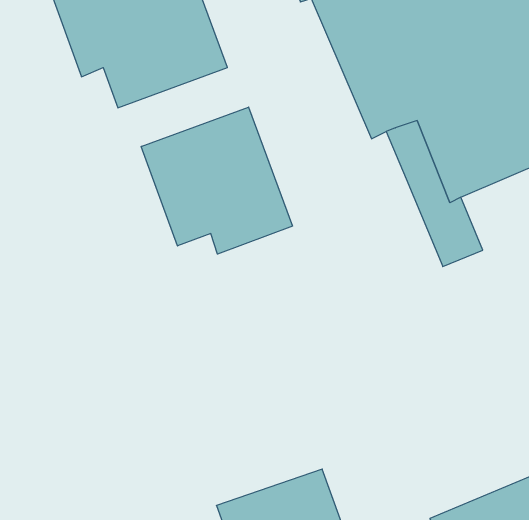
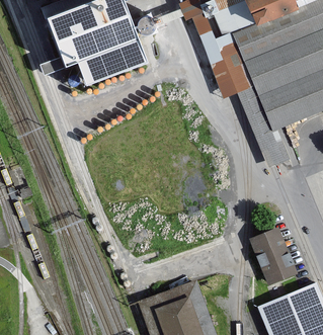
building: [141,107,293,254] -> none
building: none -> [247,230,294,287]

